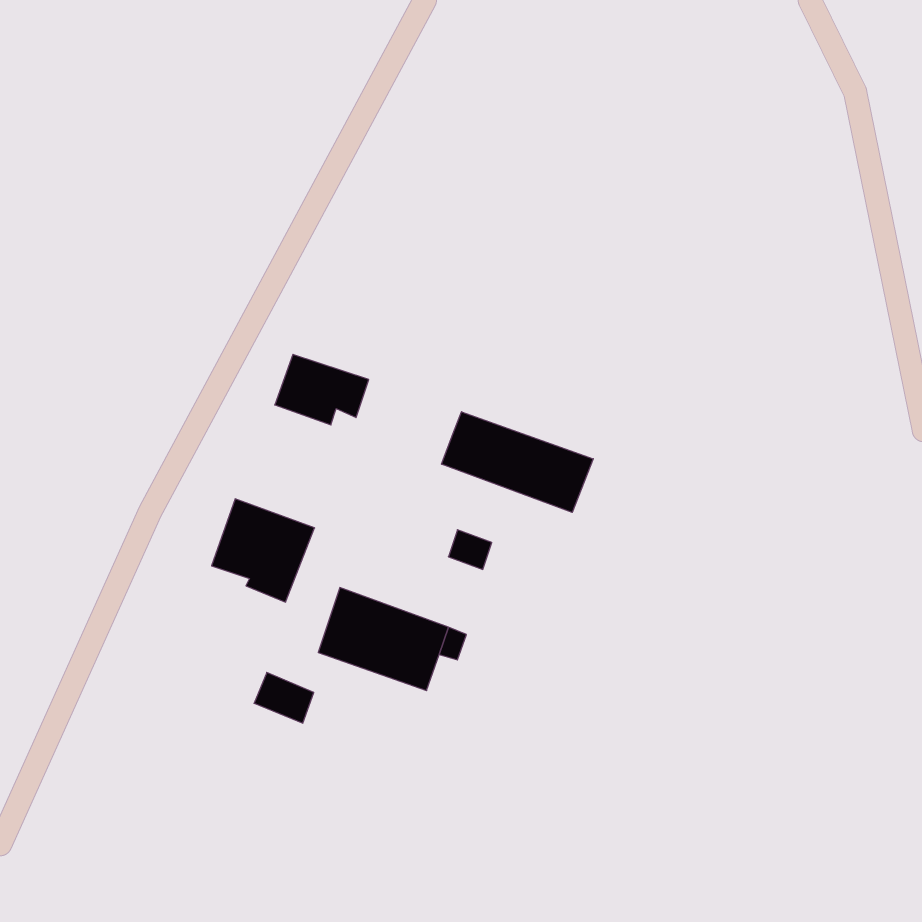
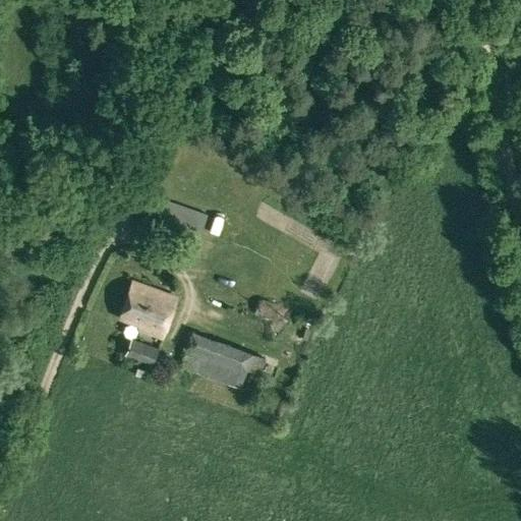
building: [442,412,593,512] -> none
building: [254,672,314,723] -> [125,338,159,366]

